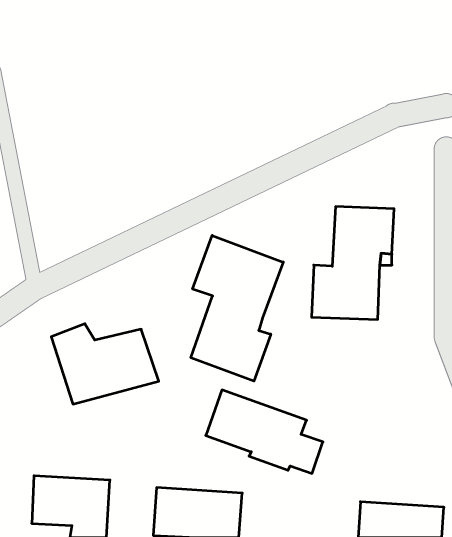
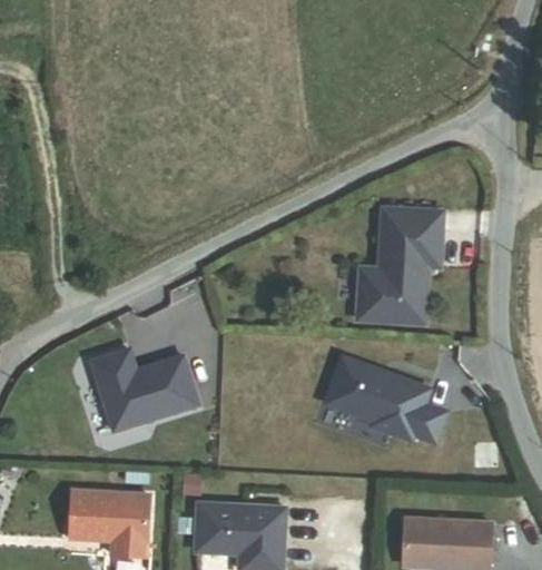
building: [191,235,283,381] -> none
building: [206,390,323,473] -> [325,358,445,444]

